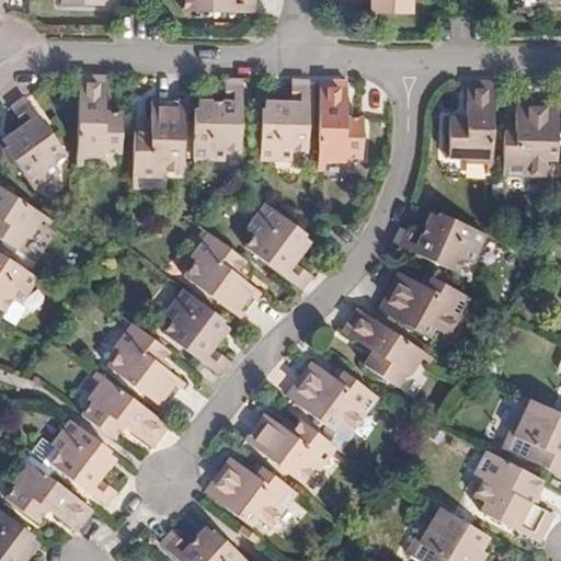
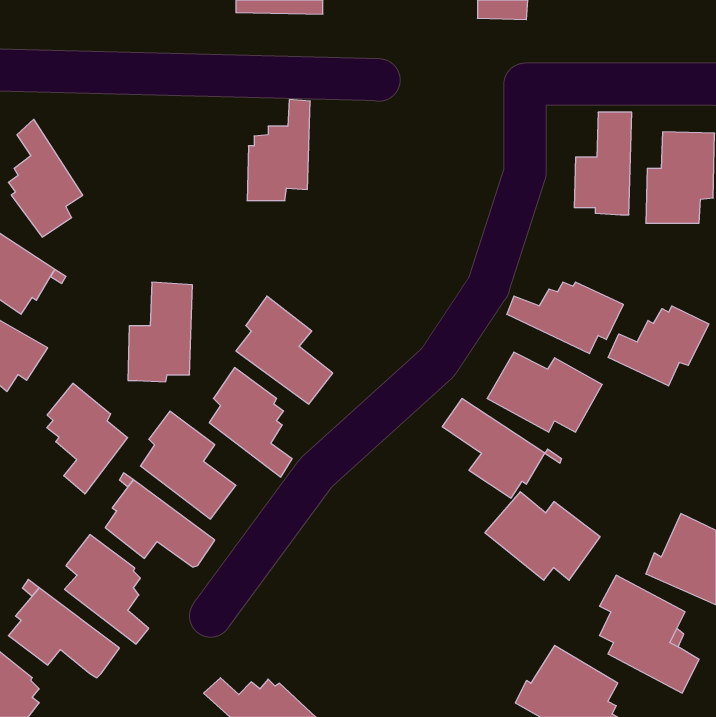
building: [77,72,121,154] -> none
building: [319,81,364,161] -> none
building: [260,83,310,160] -> none
building: [134,95,184,173] -> [128,282,192,382]
building: [248,203,312,287] -> none
building: none -> [608,306,709,386]
building: none -> [47,383,128,494]
building: [290,365,380,434] -> [485,492,600,580]
building: [249,415,337,482] -> none
building: [207,458,298,527] -> none

